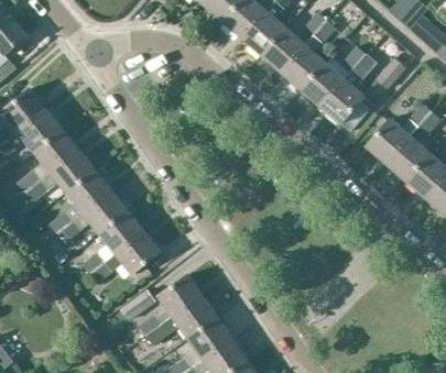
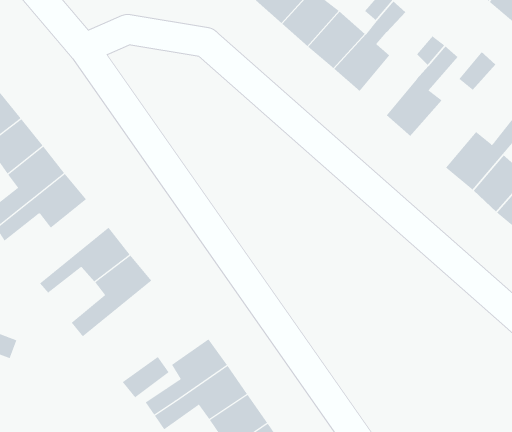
building: [301,61,344,106] -> none
building: [48,169,110,233] -> none
building: [90,231,159,283] -> none

